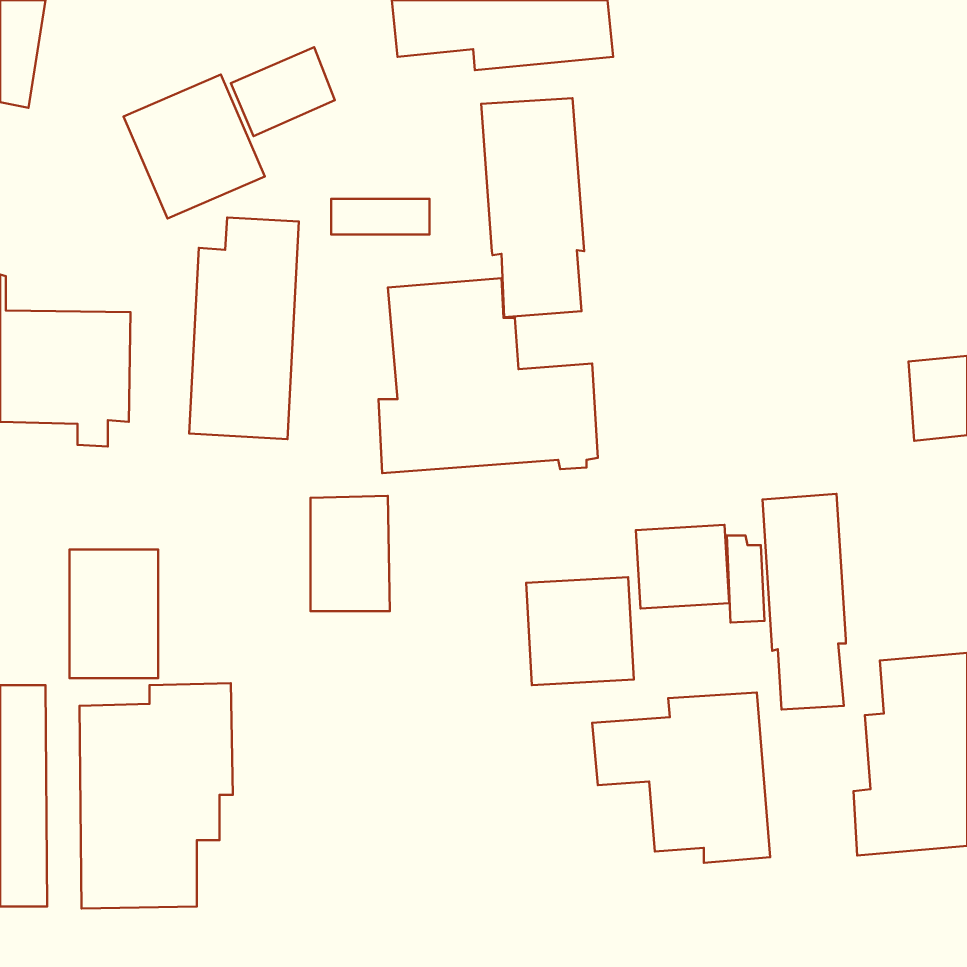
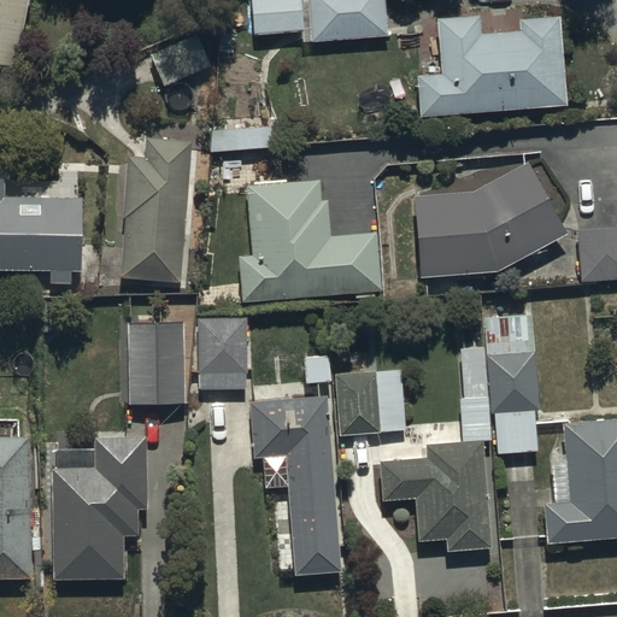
building: none -> [421,13,566,117]
building: [123,74,265,218] -> none
building: [481,98,584,317] -> none
building: none -> [413,161,563,277]
building: [636,525,729,609] -> none
building: [69,549,158,678] -> [127,322,183,404]
building: none -> [248,353,342,576]

